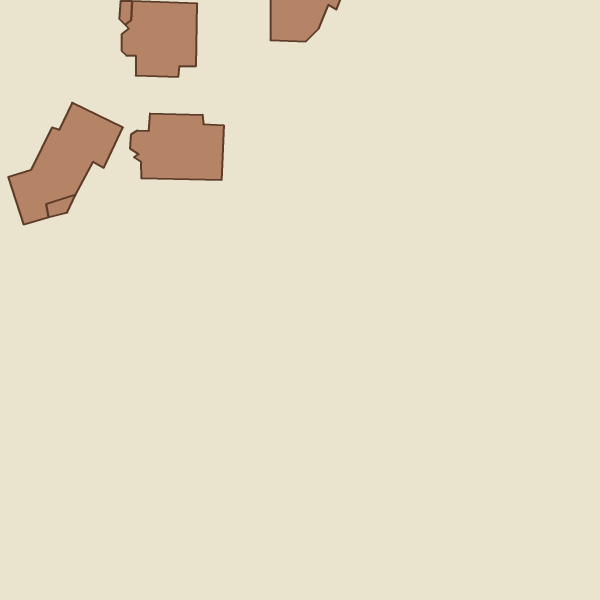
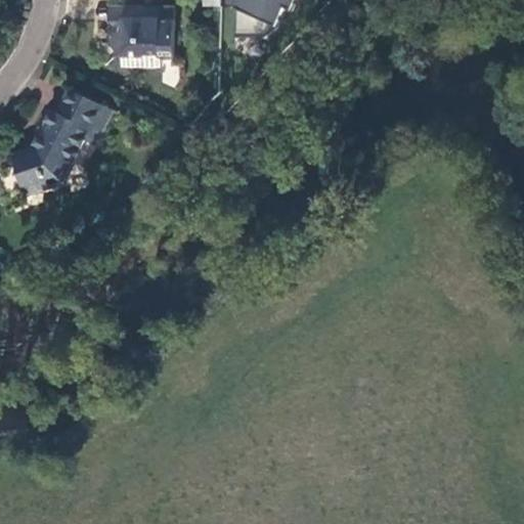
building: [130,113,224,180] -> none

